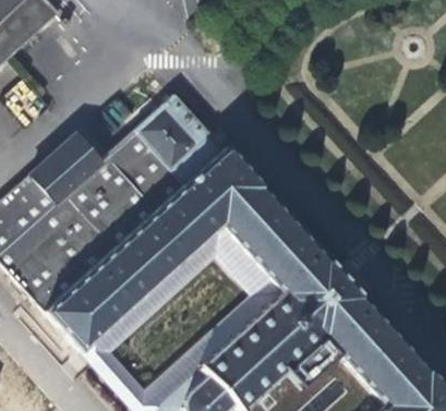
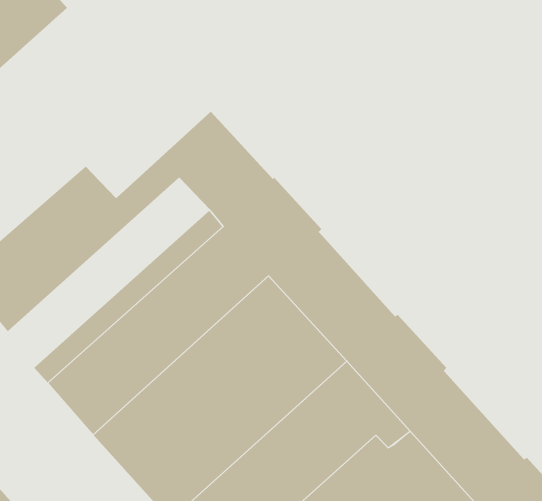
building: [12,146,172,293] -> none

